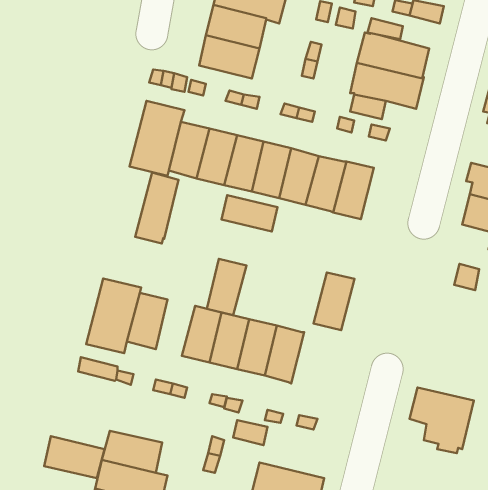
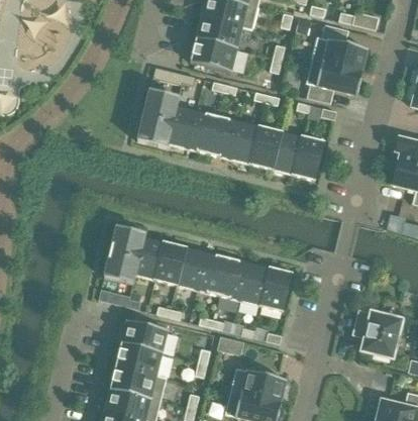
building: [135,172,178,243] -> none
building: [221,195,278,231] -> none
building: [207,259,246,315] -> [158,241,188,285]
building: [314,272,354,330] -> [262,267,293,311]
building: [44,436,105,478] -> [122,319,169,351]

